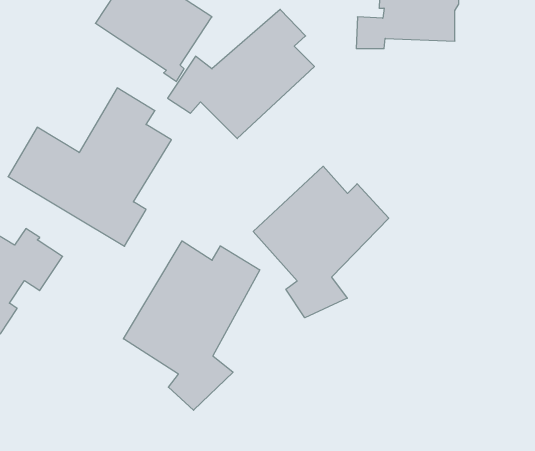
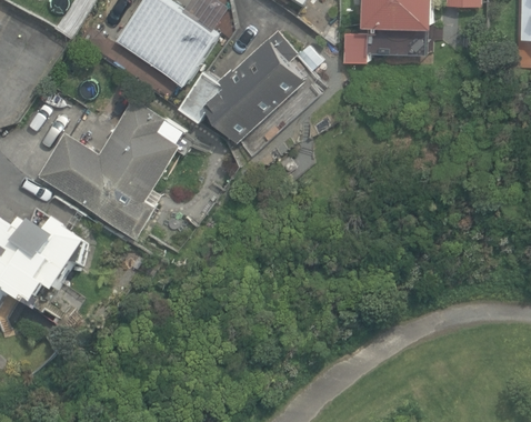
building: [253,166,389,318] -> none
building: [123,241,260,410] -> none

